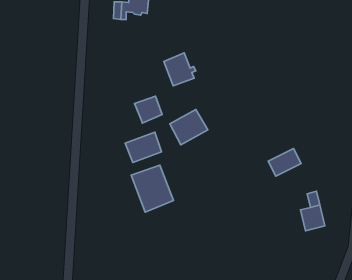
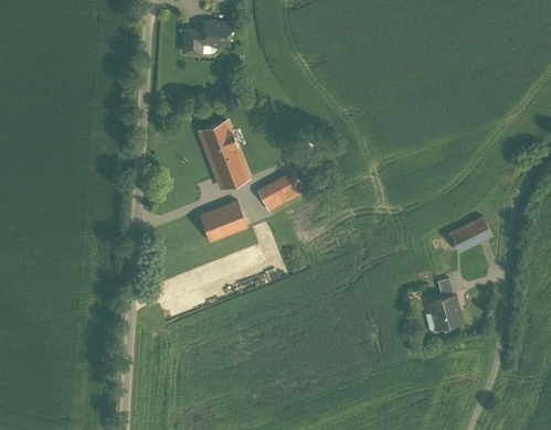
building: [164,53,196,86] -> [199,120,241,163]
building: [268,148,301,176] -> [448,217,491,254]
building: [131,165,174,212] -> none

